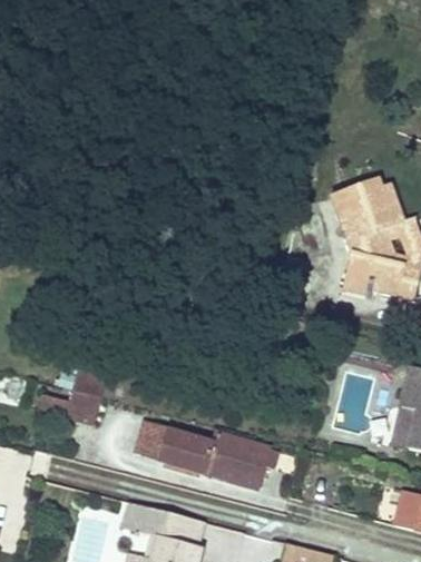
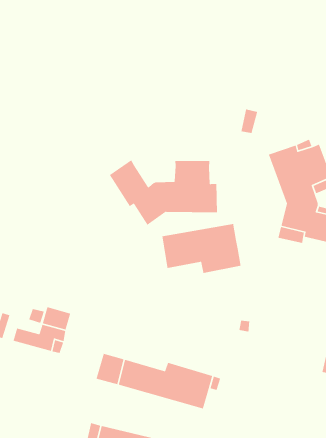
building: none -> [109,159,218,226]
building: none -> [162,223,241,274]

